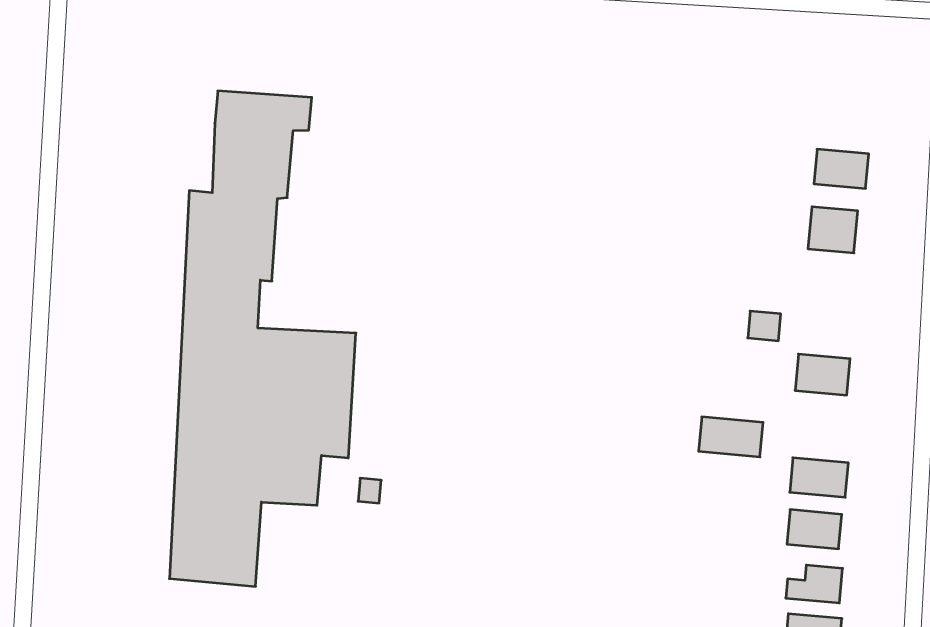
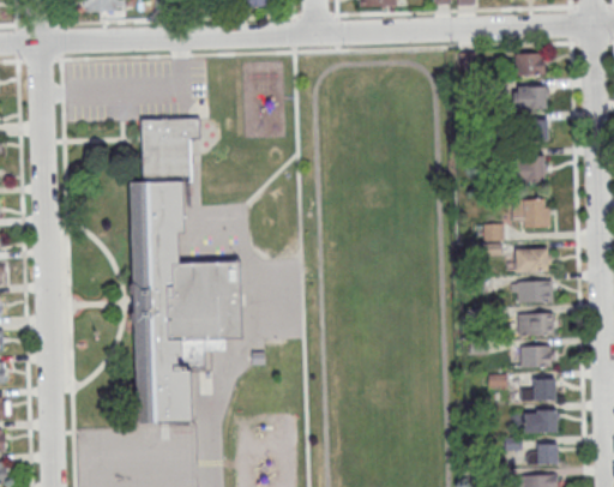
building: none -> [514,54,544,74]
building: none -> [513,86,546,108]
building: none -> [512,199,549,228]
building: [699,417,763,457] -> [513,281,552,302]

